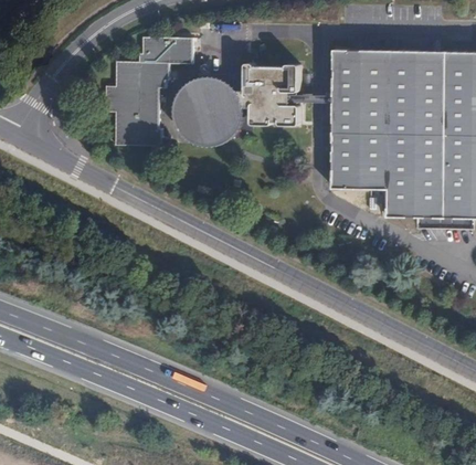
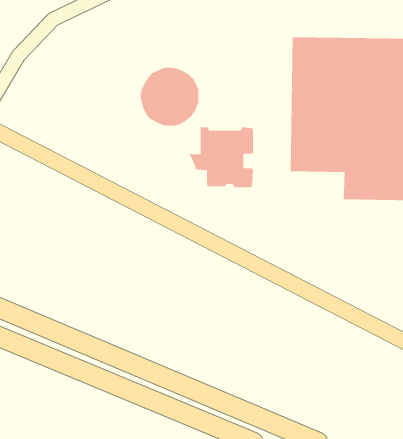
building: [105,39,192,148] -> none
building: [232,63,300,126] -> [187,126,254,188]

